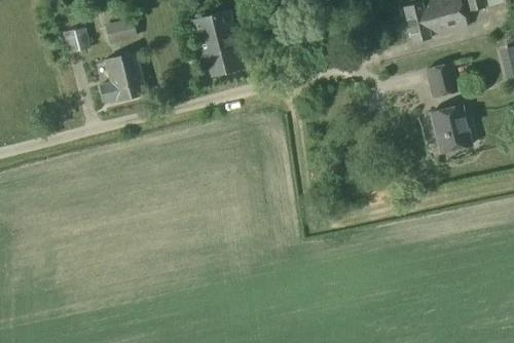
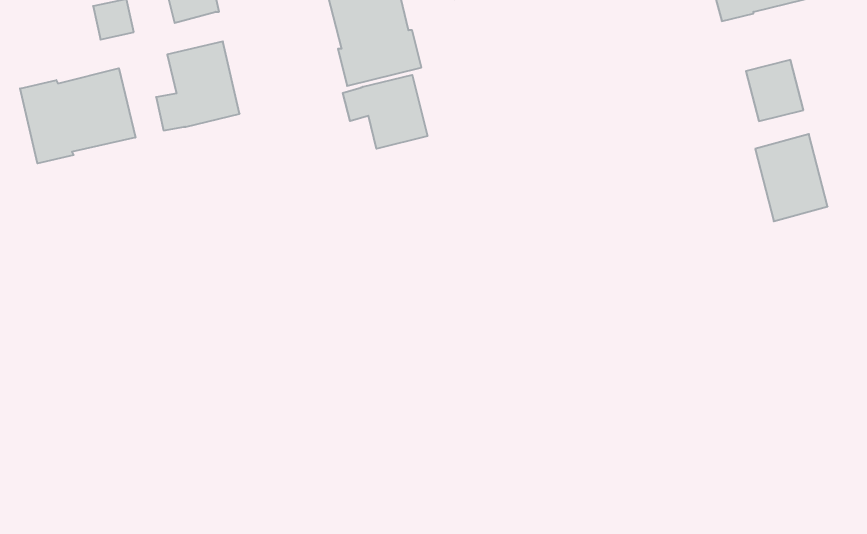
building: none -> [20,68,135,163]
building: none -> [343,75,427,149]

